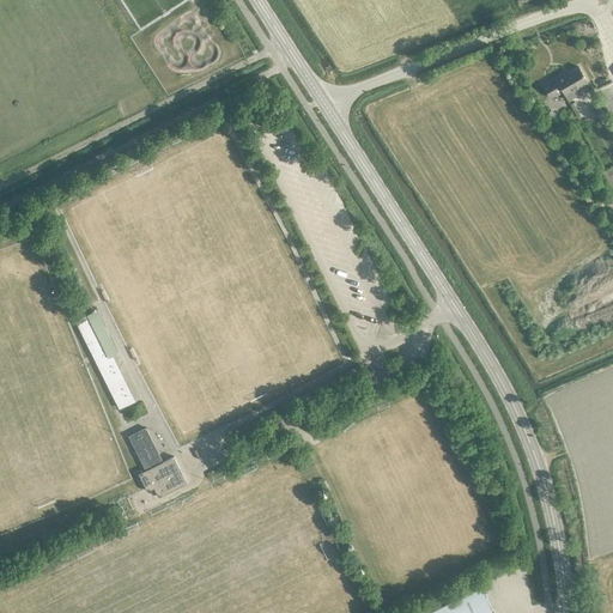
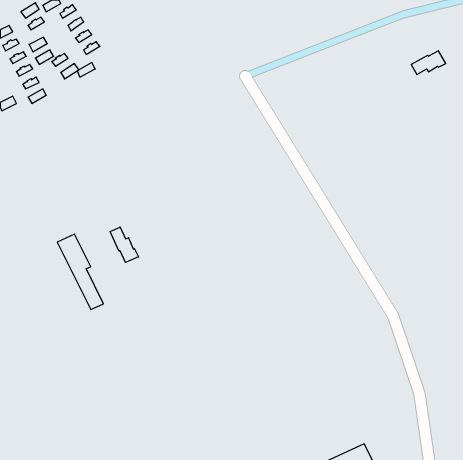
building: none -> [110,227,139,262]
building: [129,432,188,502] -> none

